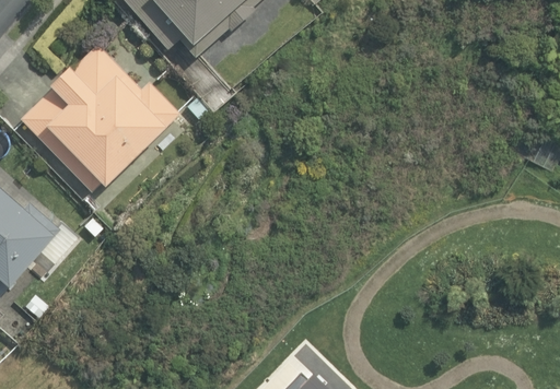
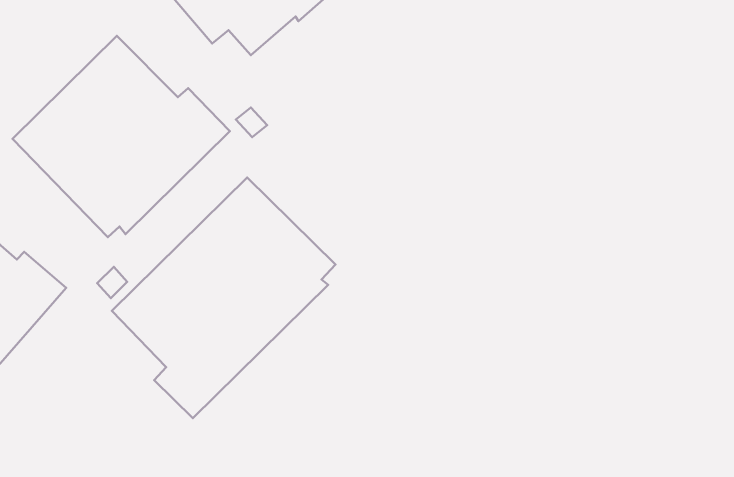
building: none -> [112,177,335,418]

